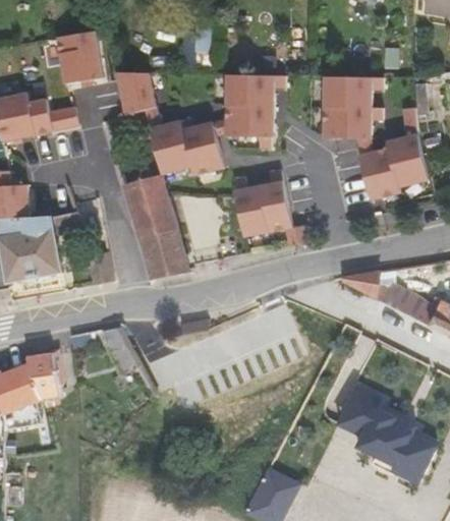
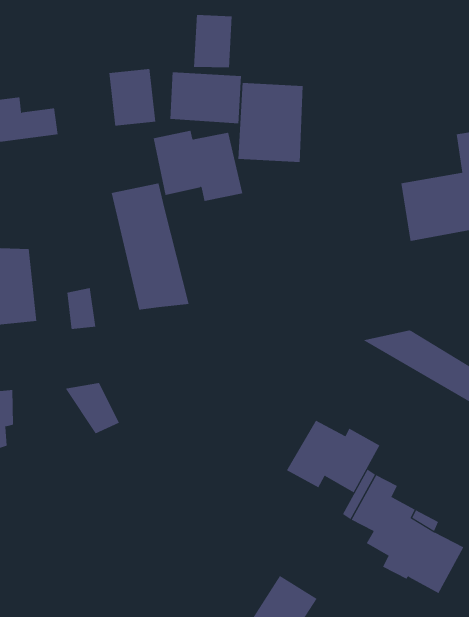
building: [55,28,104,84] -> none
building: none -> [170,72,241,124]
building: [322,77,377,138] -> none
building: [236,181,289,235] -> none
building: none -> [286,420,380,493]

